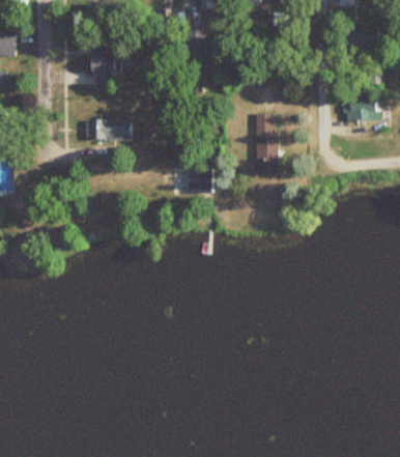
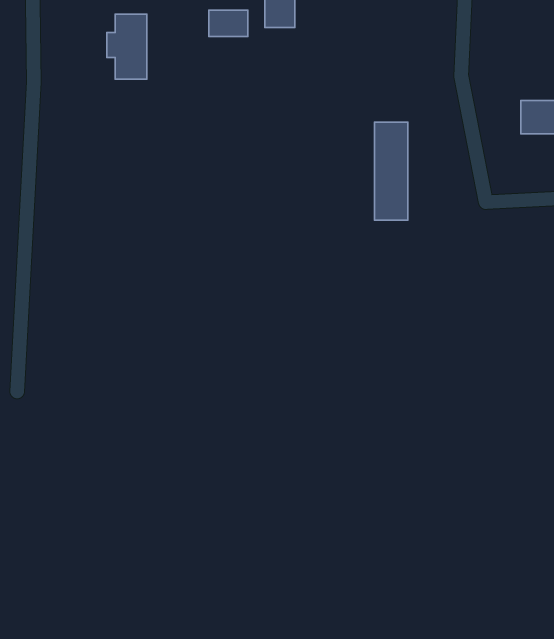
building: none -> [209,10,248,36]
building: [85,121,131,140] -> none

